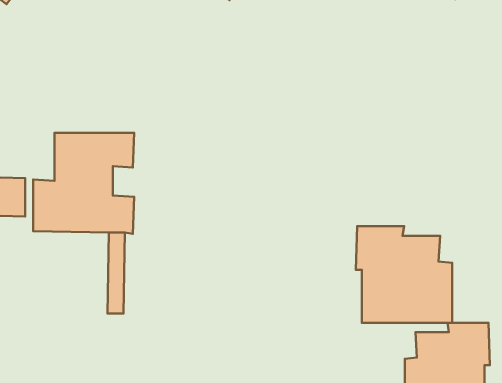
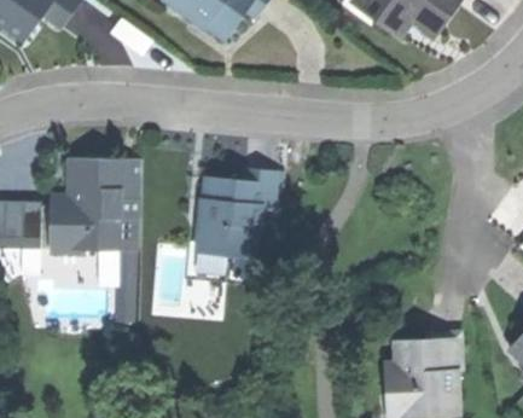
building: none -> [194,169,283,257]
building: [356,226,452,323] -> none

